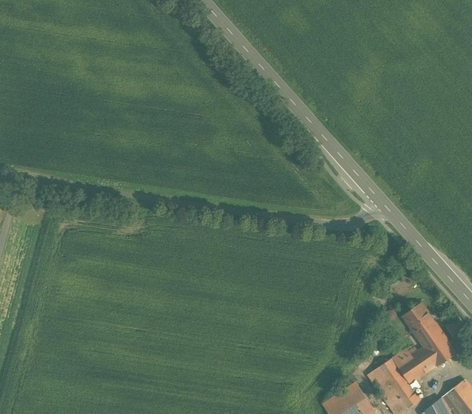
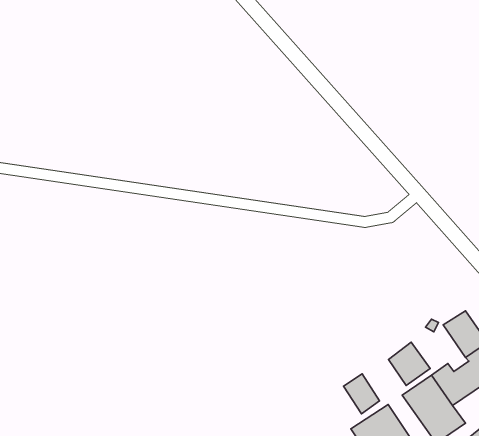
building: none -> [388,342,430,386]
building: none -> [343,374,380,414]

